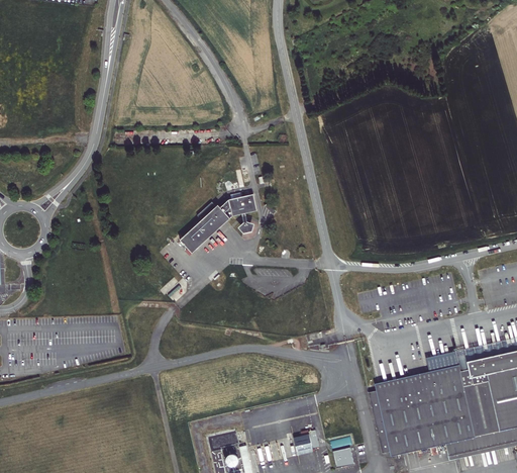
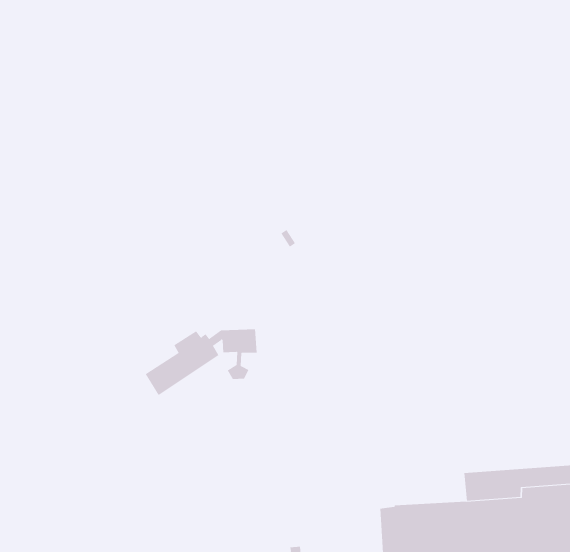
building: [181,193,260,253] -> [145,329,257,396]

